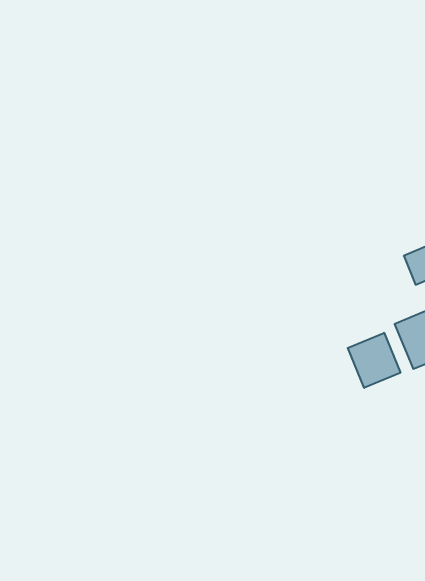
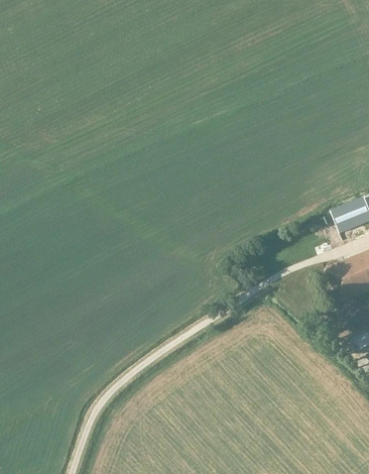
building: [348,333,400,388] -> none

